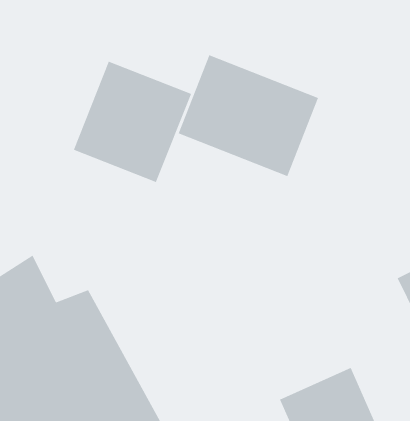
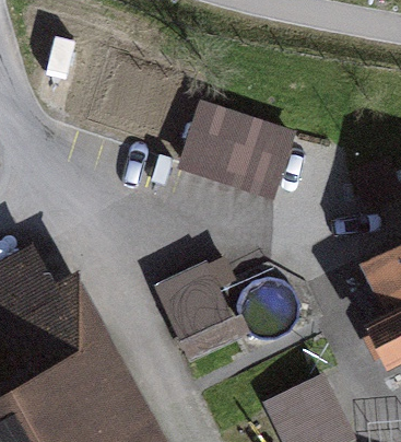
building: [73,61,192,183] -> none
building: none -> [156,260,237,356]

